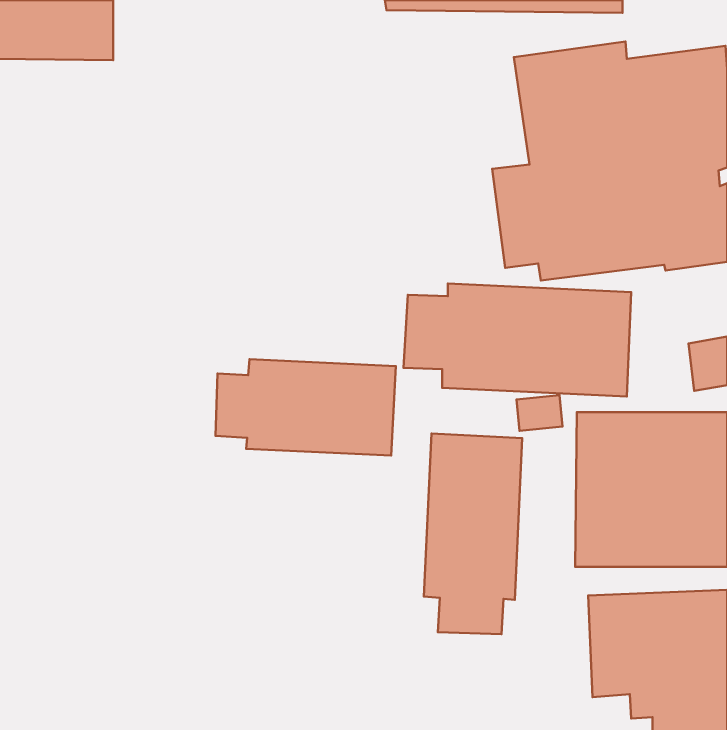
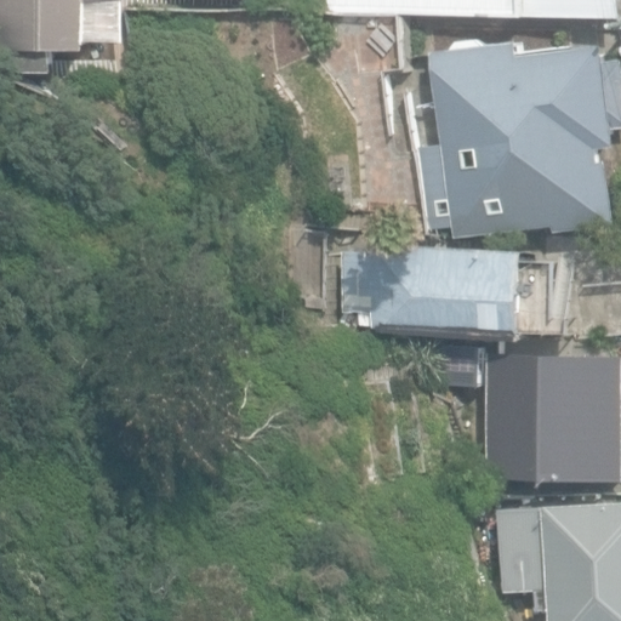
building: [215,359,396,455] -> none
building: [424,433,522,634] -> none

